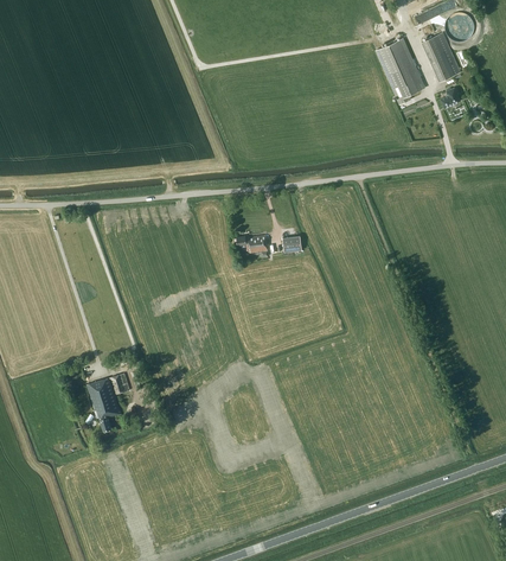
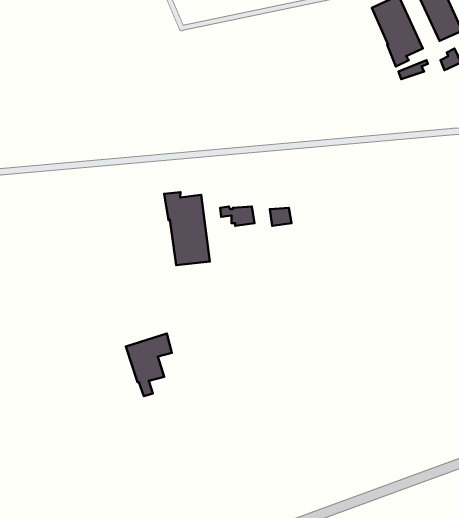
building: none -> [164,192,210,265]
building: [87,372,129,431] -> [126,334,172,396]

